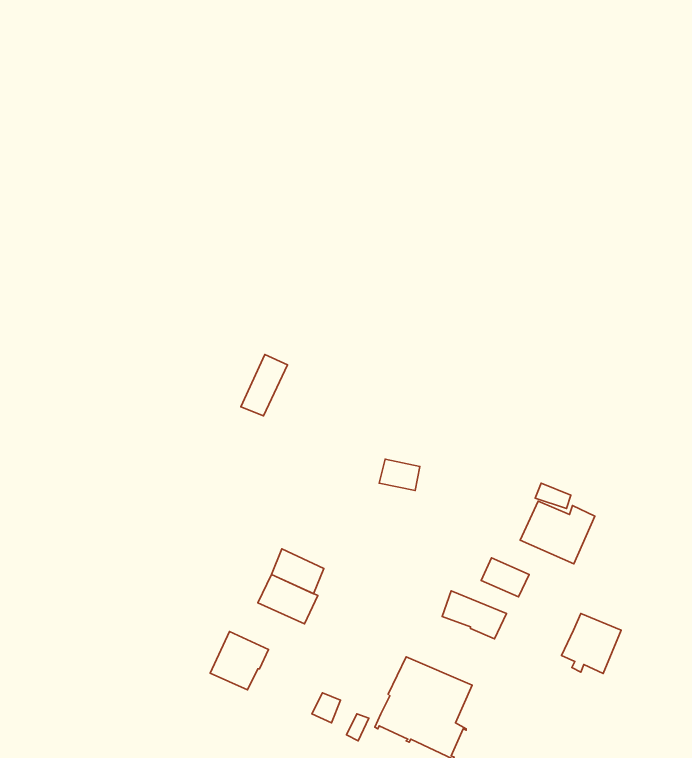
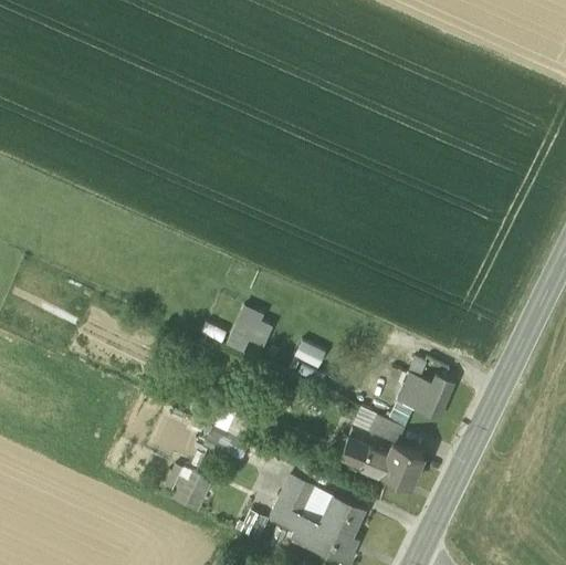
building: [241,354,287,416] -> [228,307,262,353]
building: [561,614,621,674] -> [378,443,422,488]
building: none -> [269,477,313,530]

